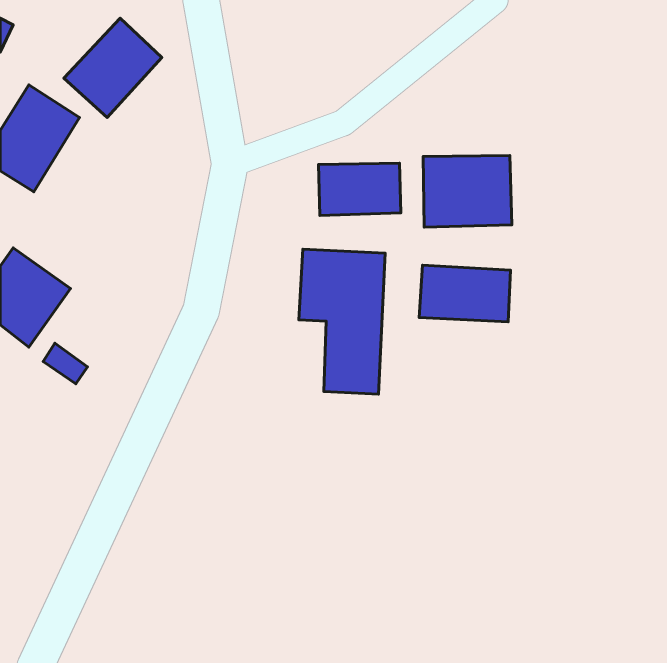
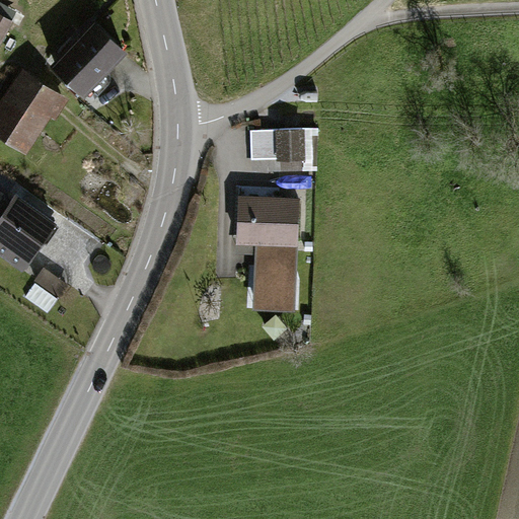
building: [423,156,512,227] -> none
building: [419,265,510,322] -> none

